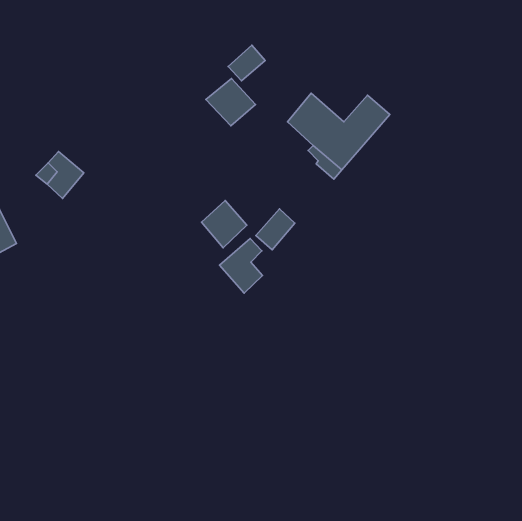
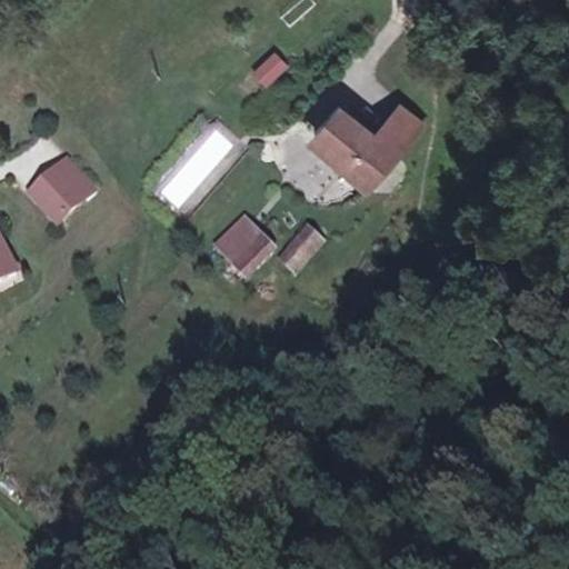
building: [206,78,255,126] -> none
building: [220,239,262,293] -> none

